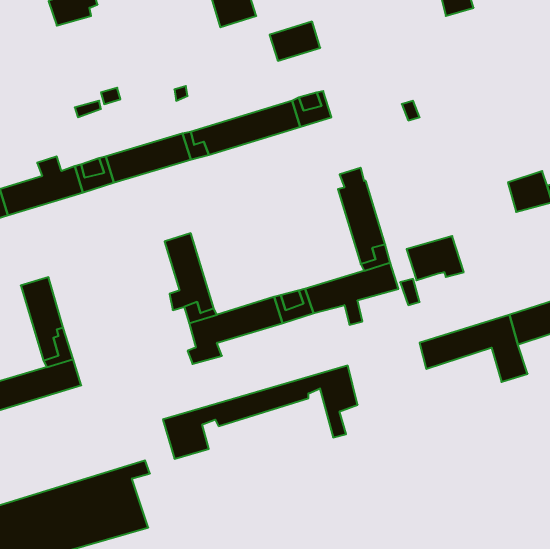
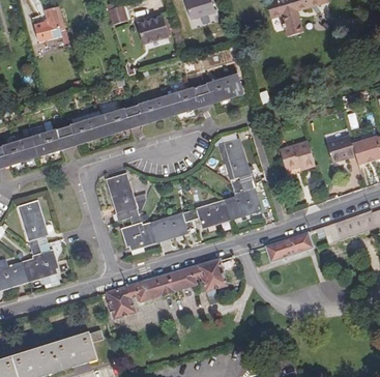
building: [270,22,320,61] -> [209,76,241,100]
building: [407,236,464,280] -> [279,143,315,171]

